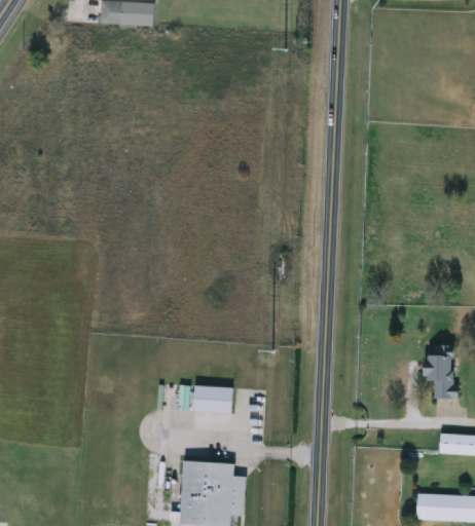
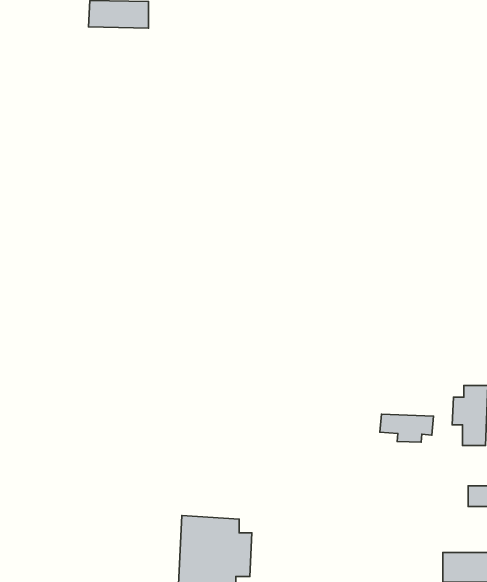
building: none -> [380,414,433,442]
building: [192,386,232,413] -> none

